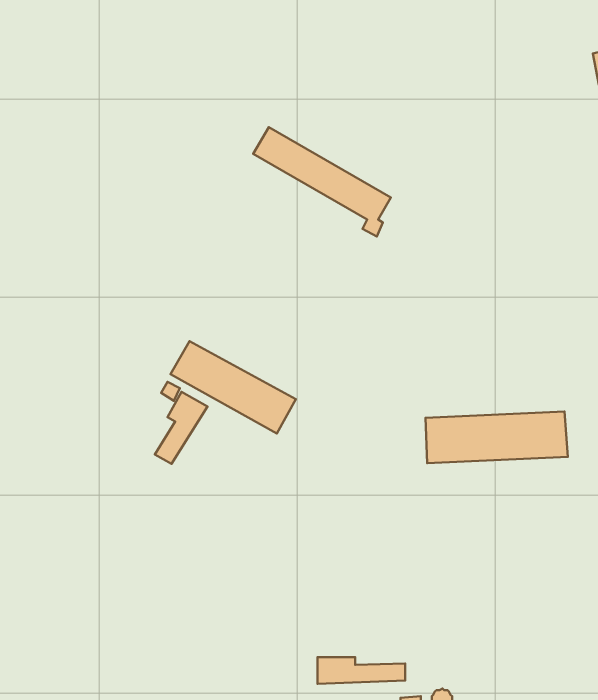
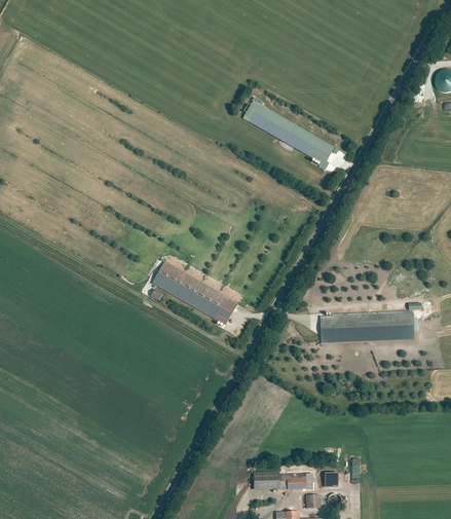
building: [253,127,391,237] -> [243,102,334,174]
building: [155,392,208,464] -> none

